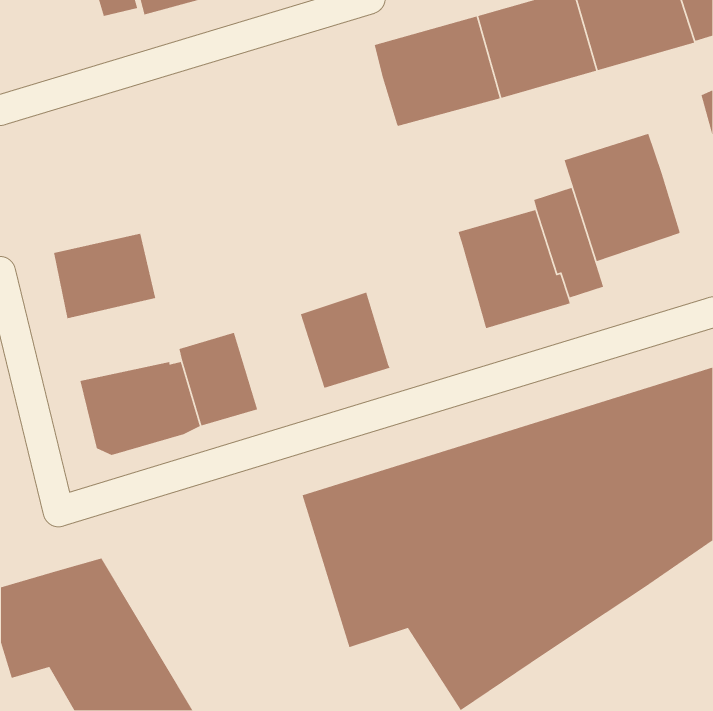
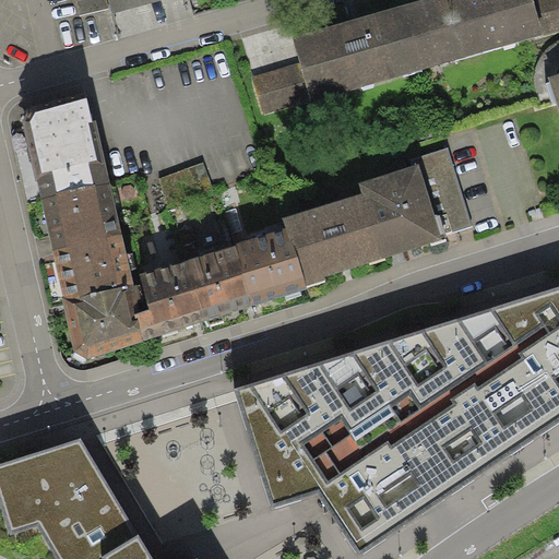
building: none -> [254,61,310,111]
building: none -> [23,96,110,198]
building: [563,133,681,262] -> none
building: none -> [283,192,380,286]
building: none -> [52,234,133,298]
building: none -> [183,246,253,321]

